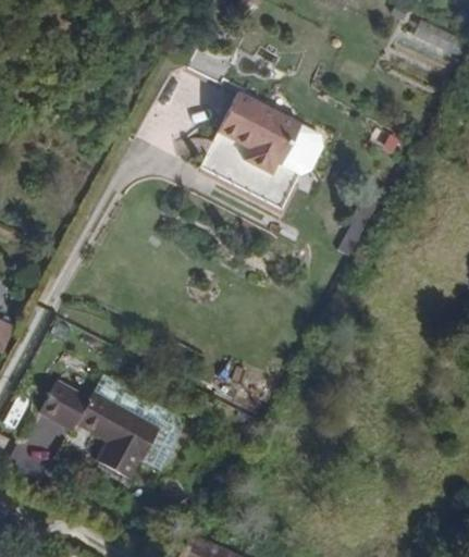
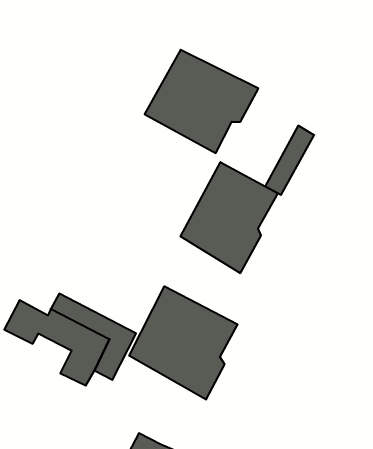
building: none -> [181,162,278,273]
building: none -> [129,286,238,400]

